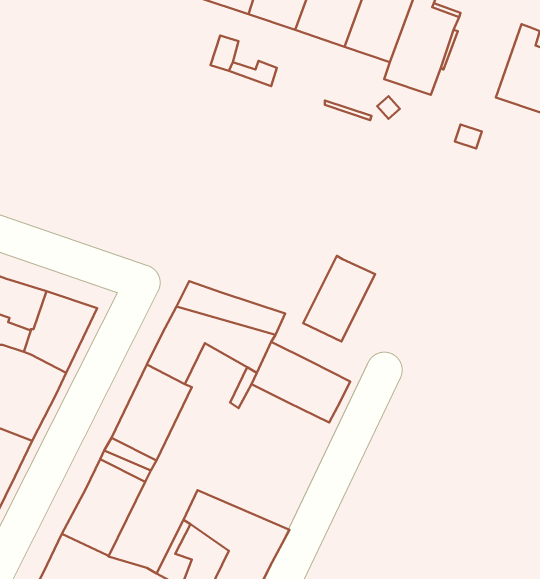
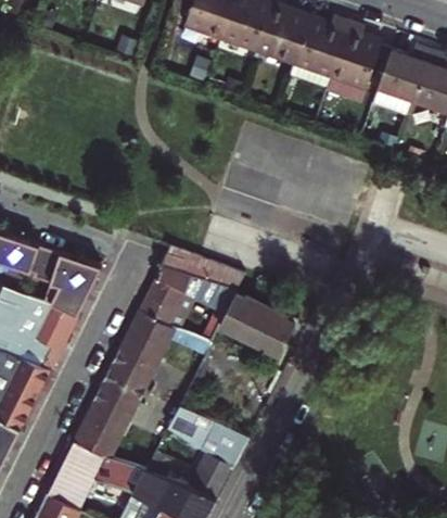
building: none -> [372,43,427,105]
building: [303,256,375,342] -> none

